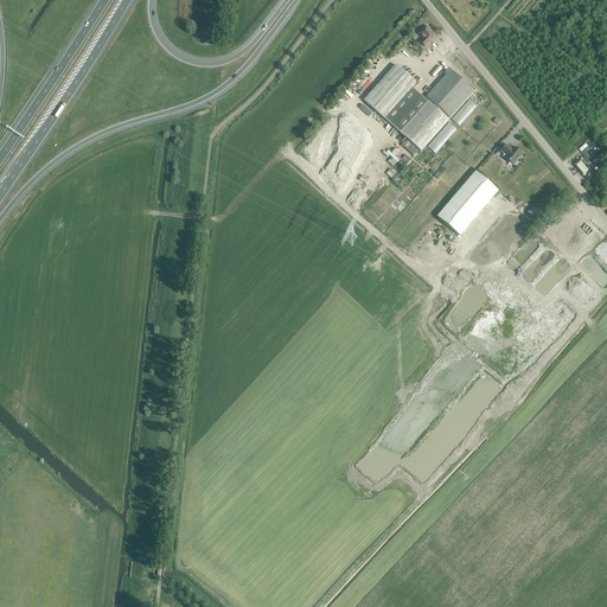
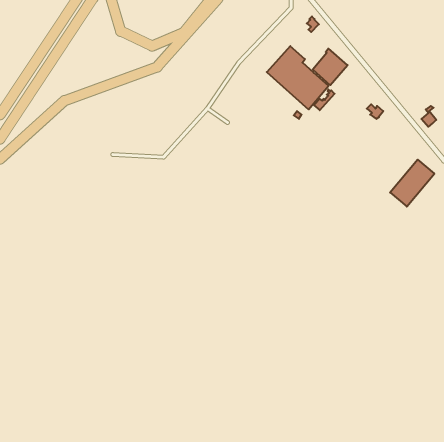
building: [437,170,498,234] -> [390,160,434,207]

